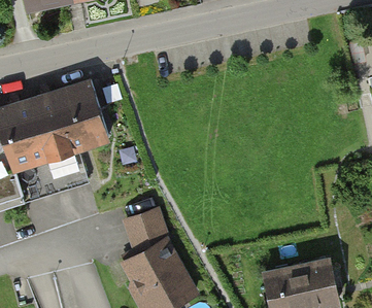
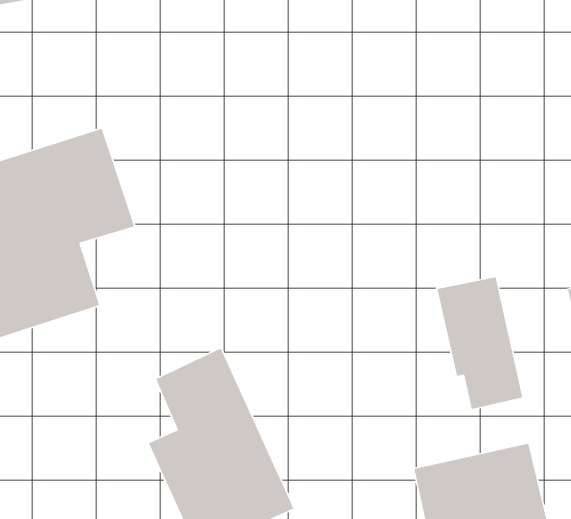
building: none -> [436,277,523,410]

